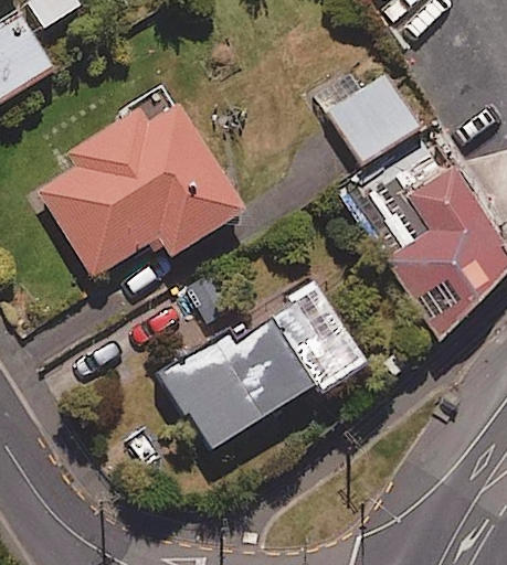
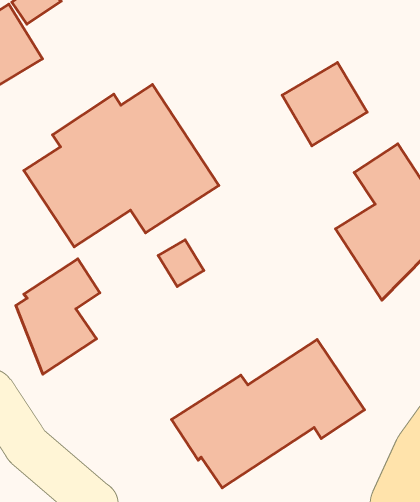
building: [152,284,368,449] -> [172,339,365,488]
building: none -> [16,259,100,374]

